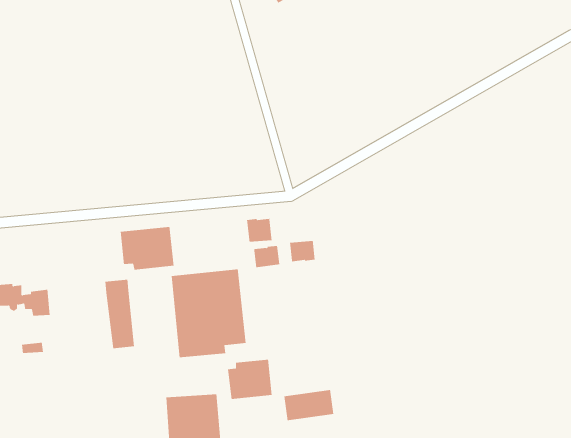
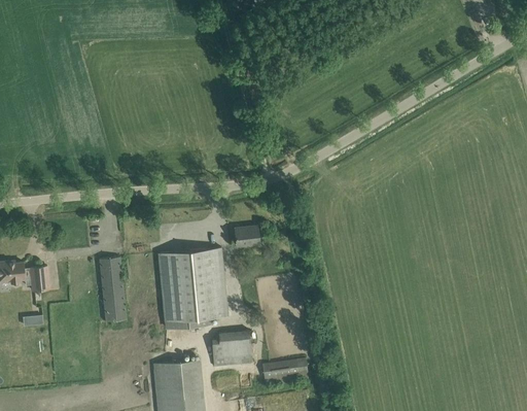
building: [247,216,272,243] -> none
building: [120,226,174,270] -> none
building: [289,240,315,263] -> none

